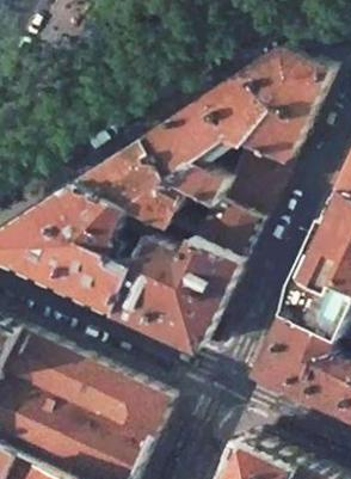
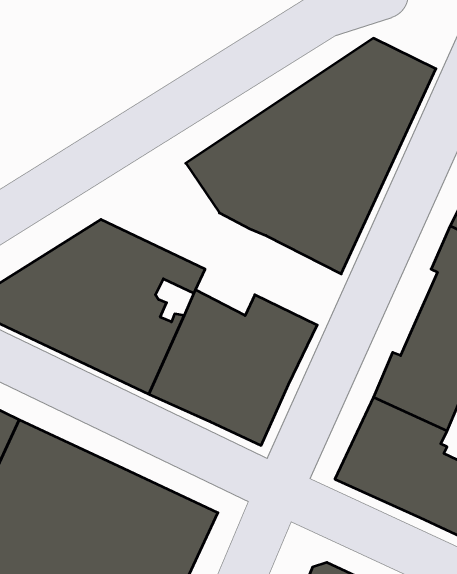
building: [75,142,186,228] -> none
building: [180,196,254,263] -> none

